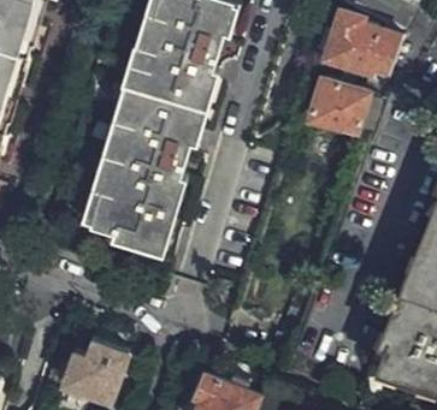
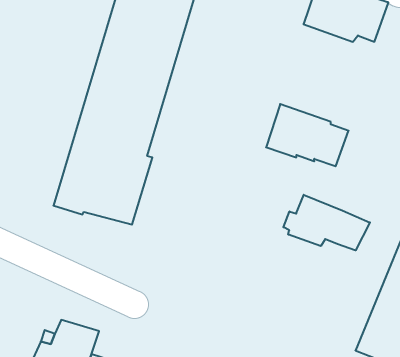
building: [302,76,380,135] -> [266,104,349,166]
building: none -> [283,195,370,250]

